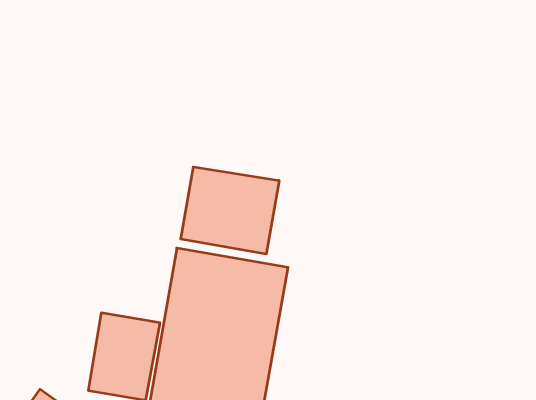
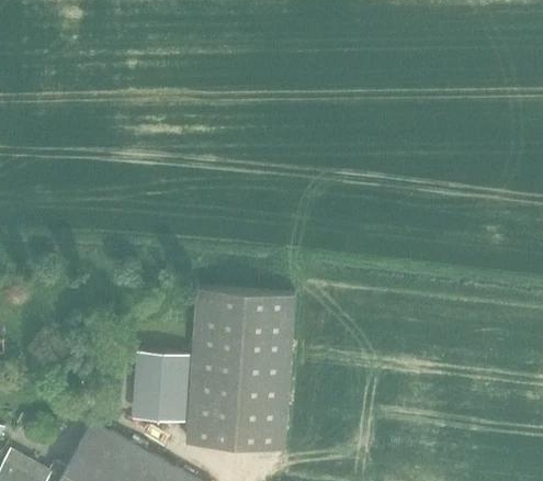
building: [181,167,279,254] -> none

